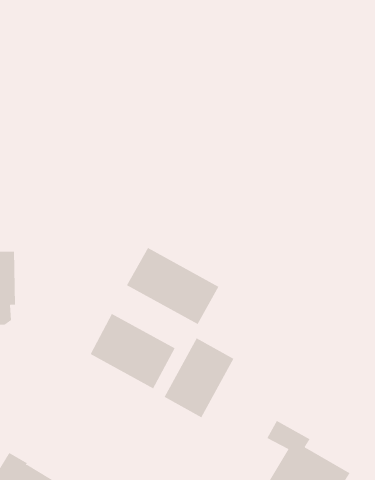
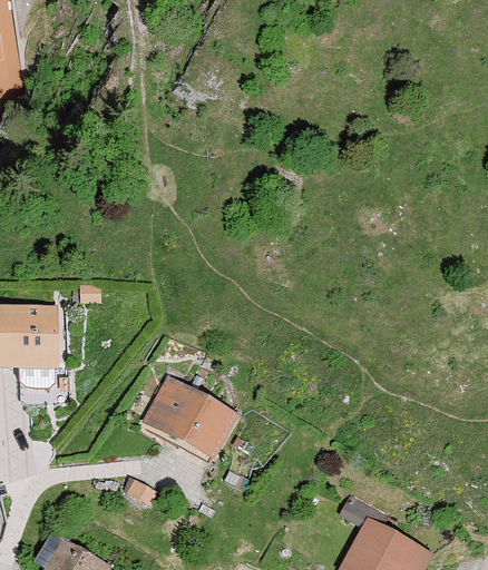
building: [126,247,219,325] -> none
building: [164,337,234,418] -> none

